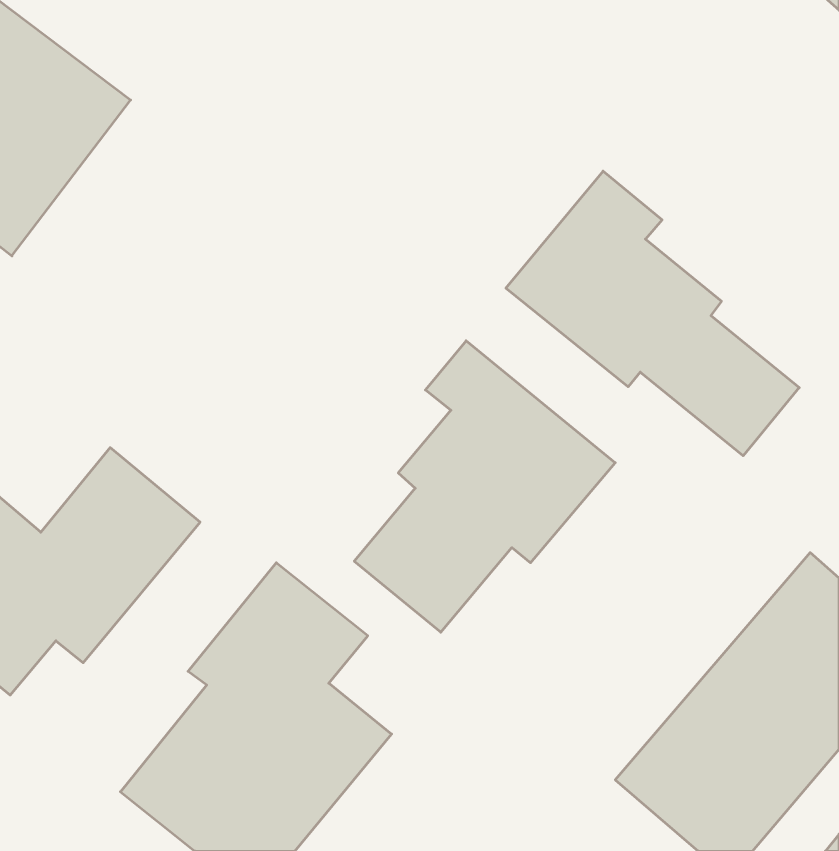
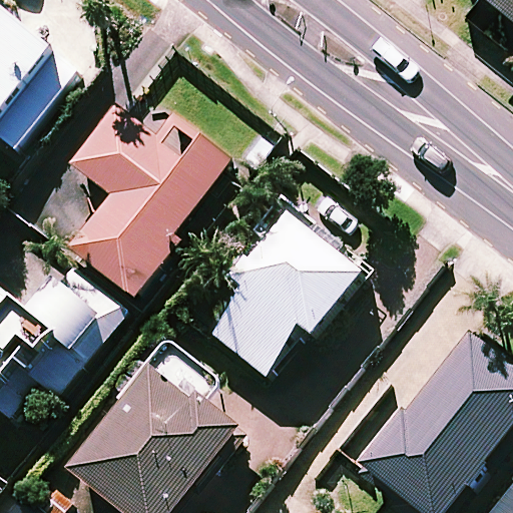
building: [506,171,799,456] -> none
building: none -> [65,105,229,296]

